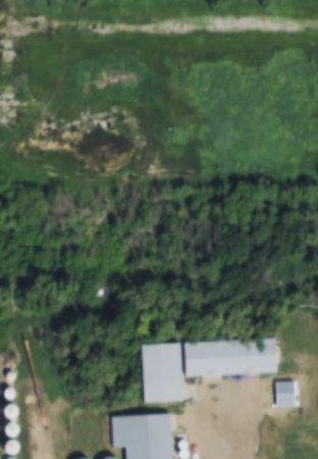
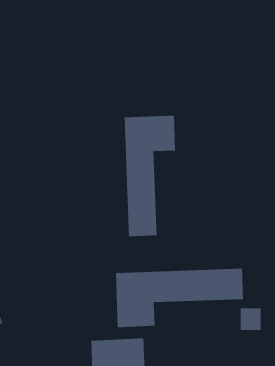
building: none -> [124,115,176,237]

